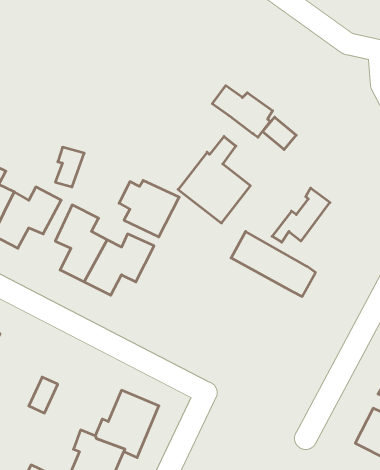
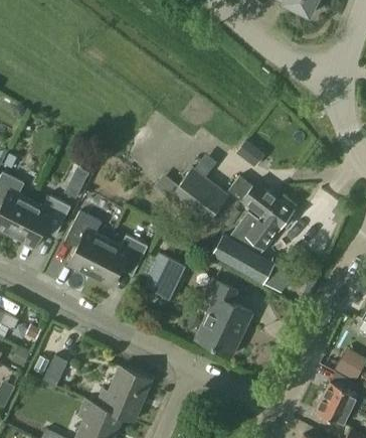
building: [212,86,273,137] -> [227,176,278,220]
building: [119,180,179,237] -> [139,254,189,301]
building: none -> [195,278,251,356]

